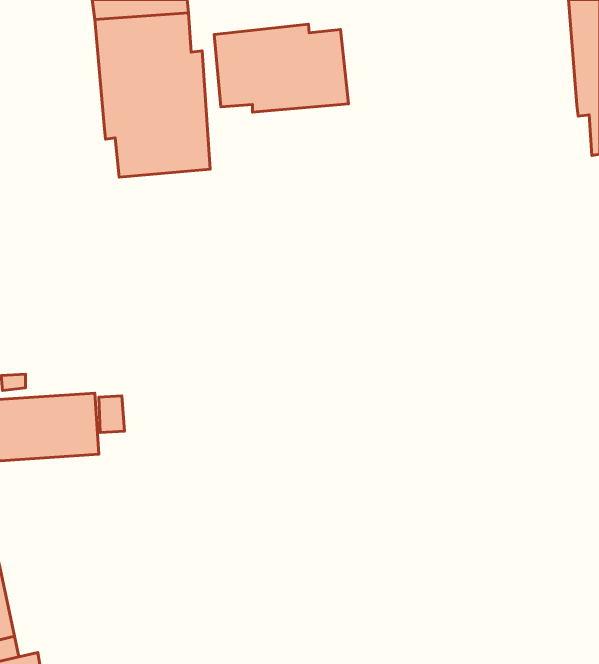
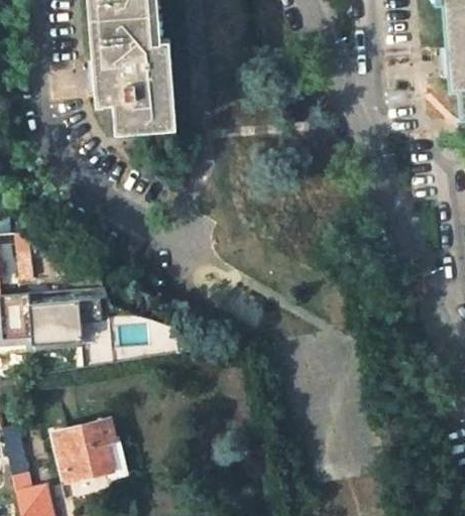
building: [214,24,348,112] -> none
building: none -> [54,419,114,482]

